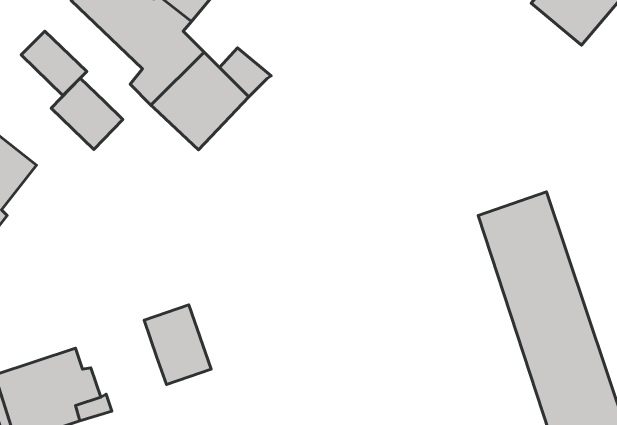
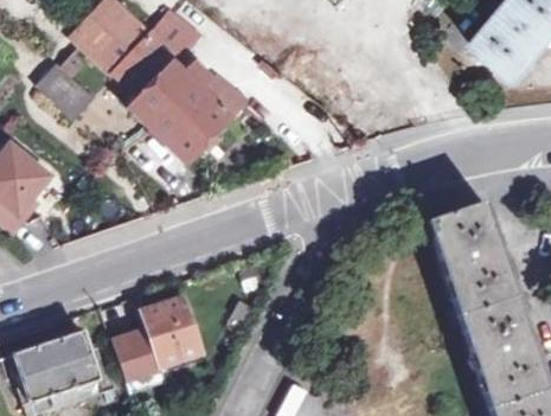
building: [51,78,123,150] -> none
building: none -> [113,326,162,373]

